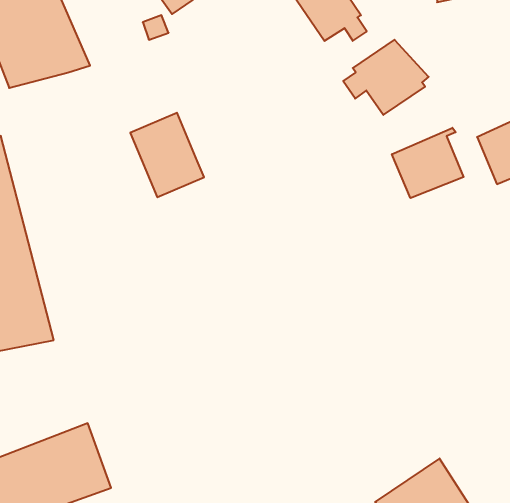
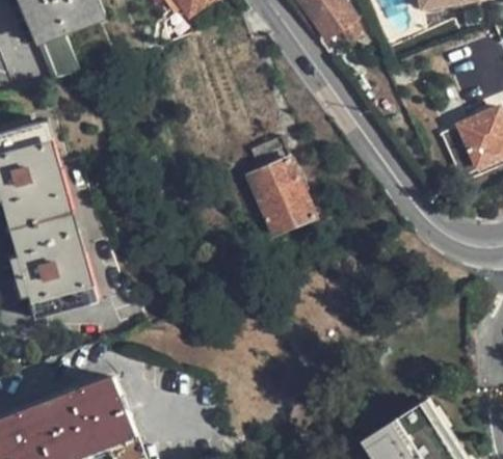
building: [343,40,429,115] -> none
building: [130,113,204,197] -> [249,159,315,234]
building: [392,128,464,198] -> none

